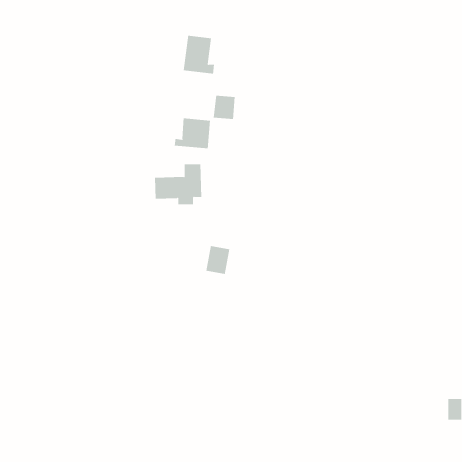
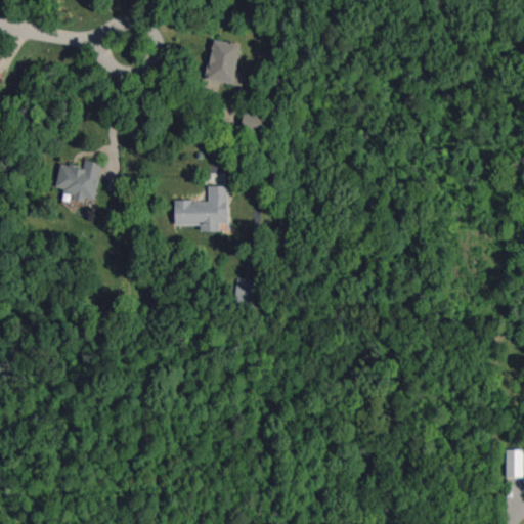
building: [174,118,210,149] -> none
building: none -> [54,161,101,203]

